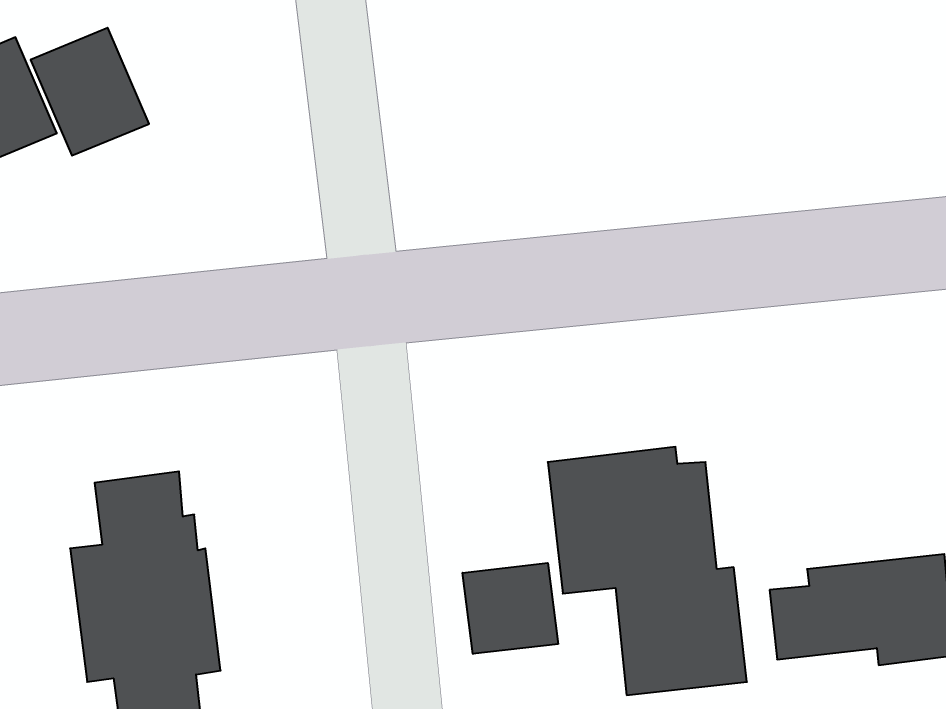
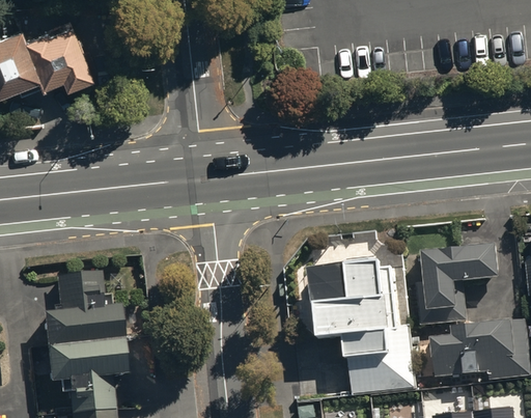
building: none -> [417,242,500,325]
building: [463,563,558,654] -> none

